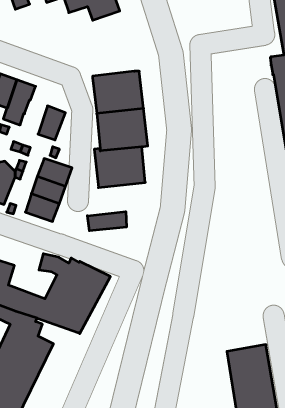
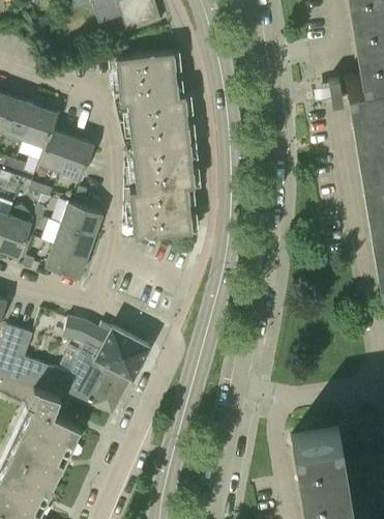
building: none -> [116,51,178,104]
building: none -> [37,129,72,171]
building: [87,212,126,231] -> none

